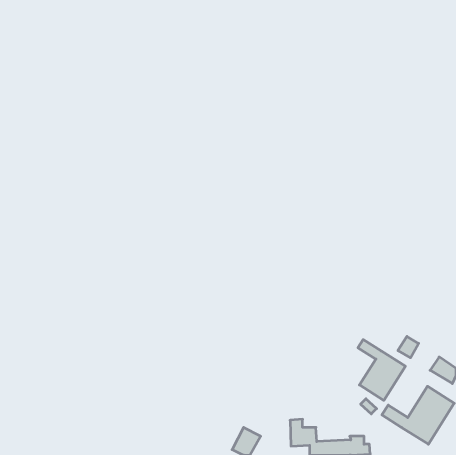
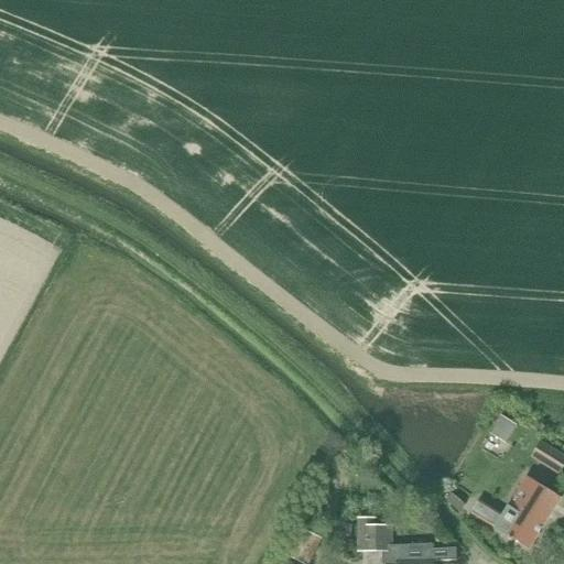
building: [358,340,405,400] -> none

